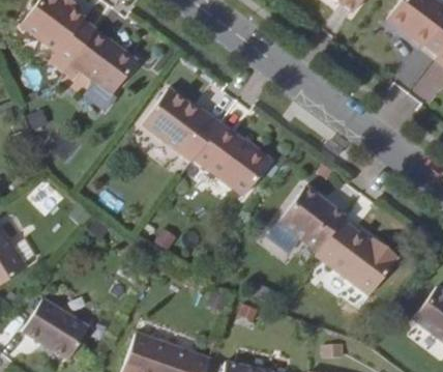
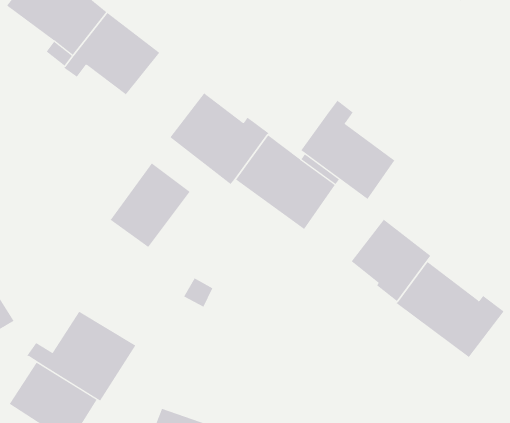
building: none -> [300,100,395,200]
building: none -> [110,162,191,248]
building: none -> [27,311,136,402]

